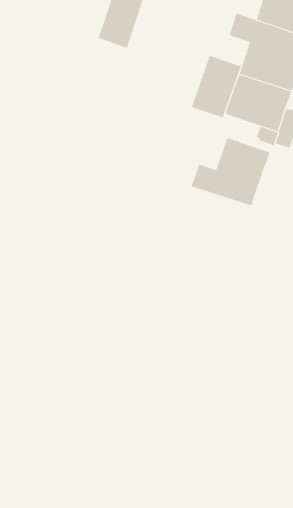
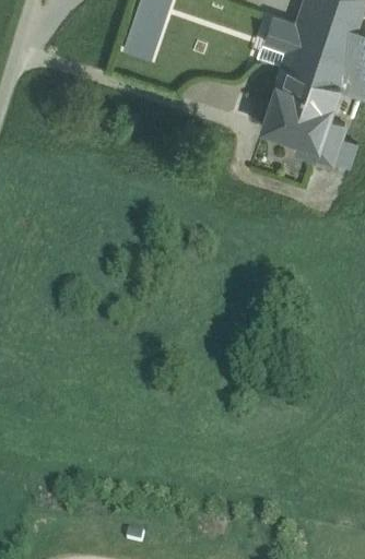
building: [191,55,242,118] -> none
building: [191,137,270,206] -> none

